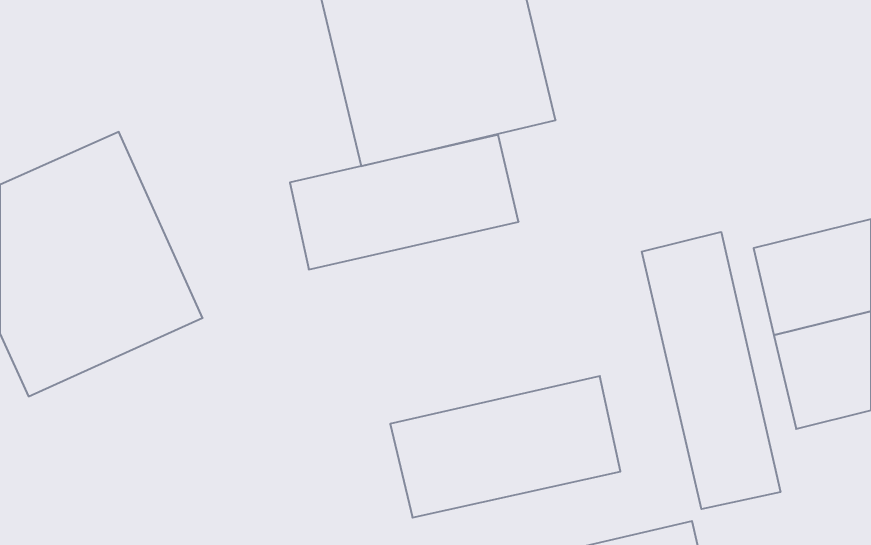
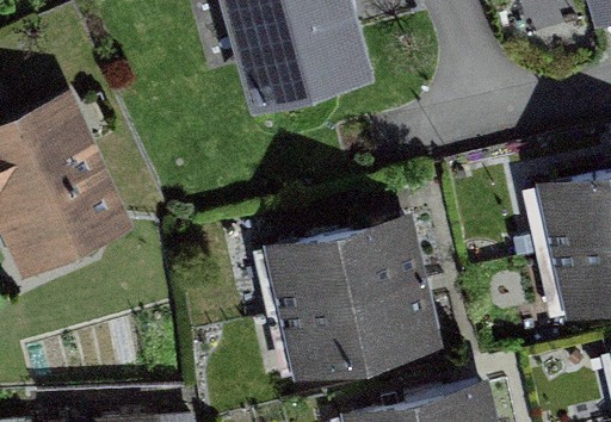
building: [290,135,519,269] -> [260,217,420,311]
building: [642,232,780,509] -> none

